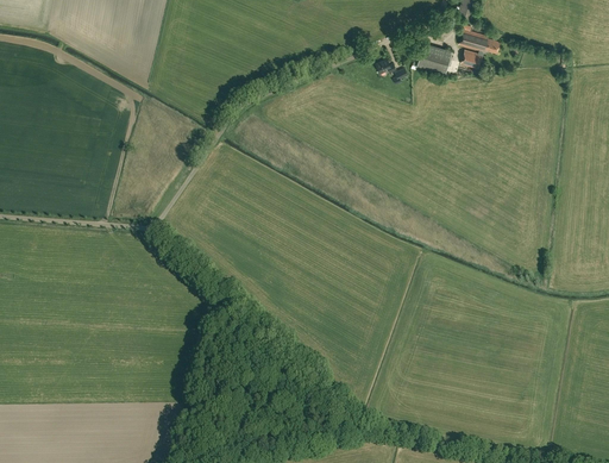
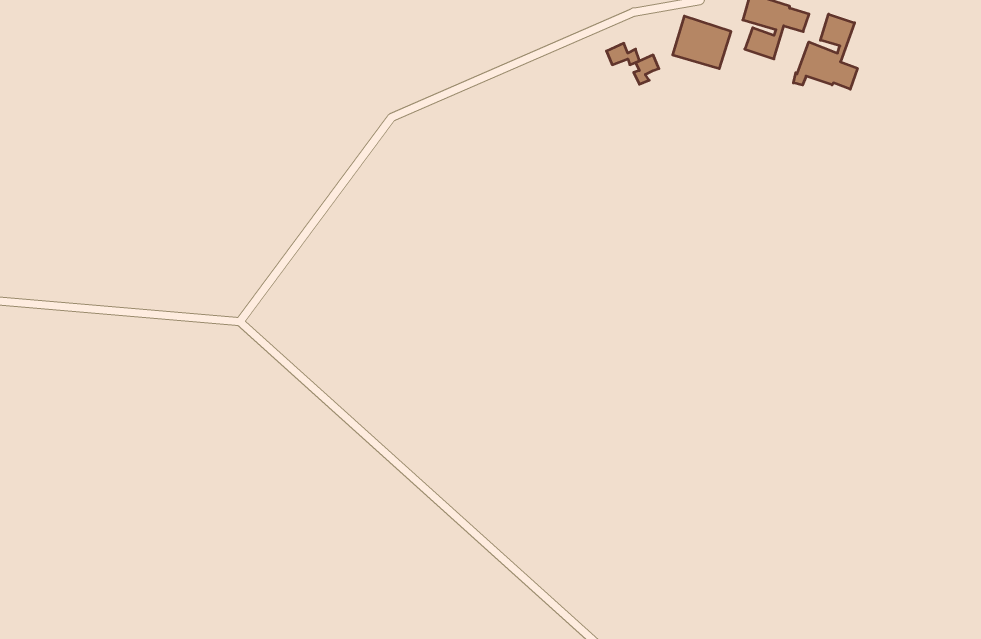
building: none -> [793,14,857,89]

